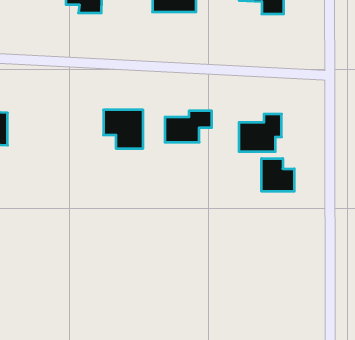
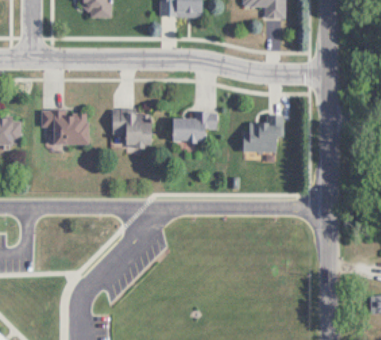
building: none -> [41,112,88,146]
building: [262,158,294,191] -> none

